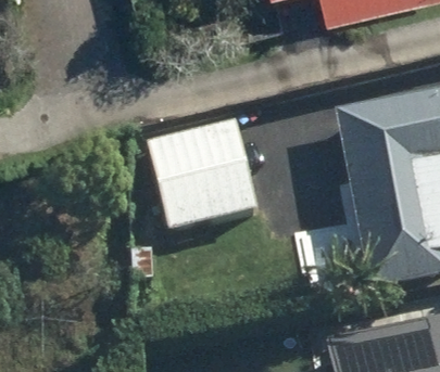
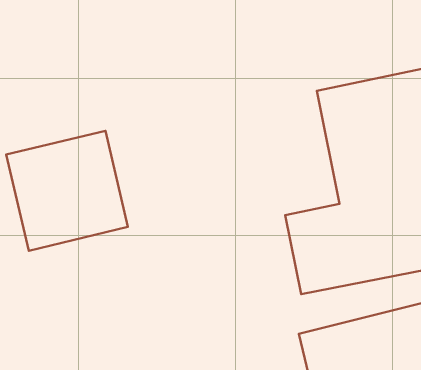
building: [140,118,257,233] -> [6,131,128,251]

